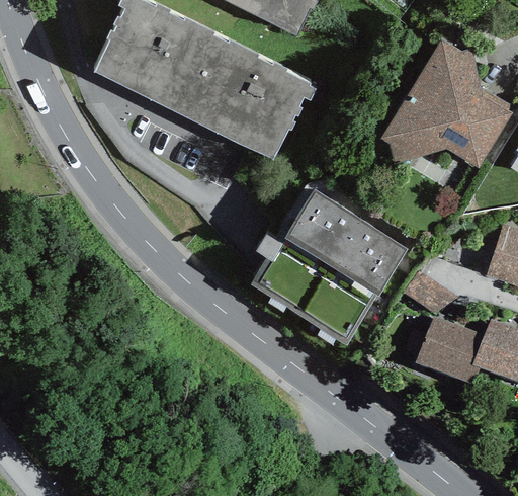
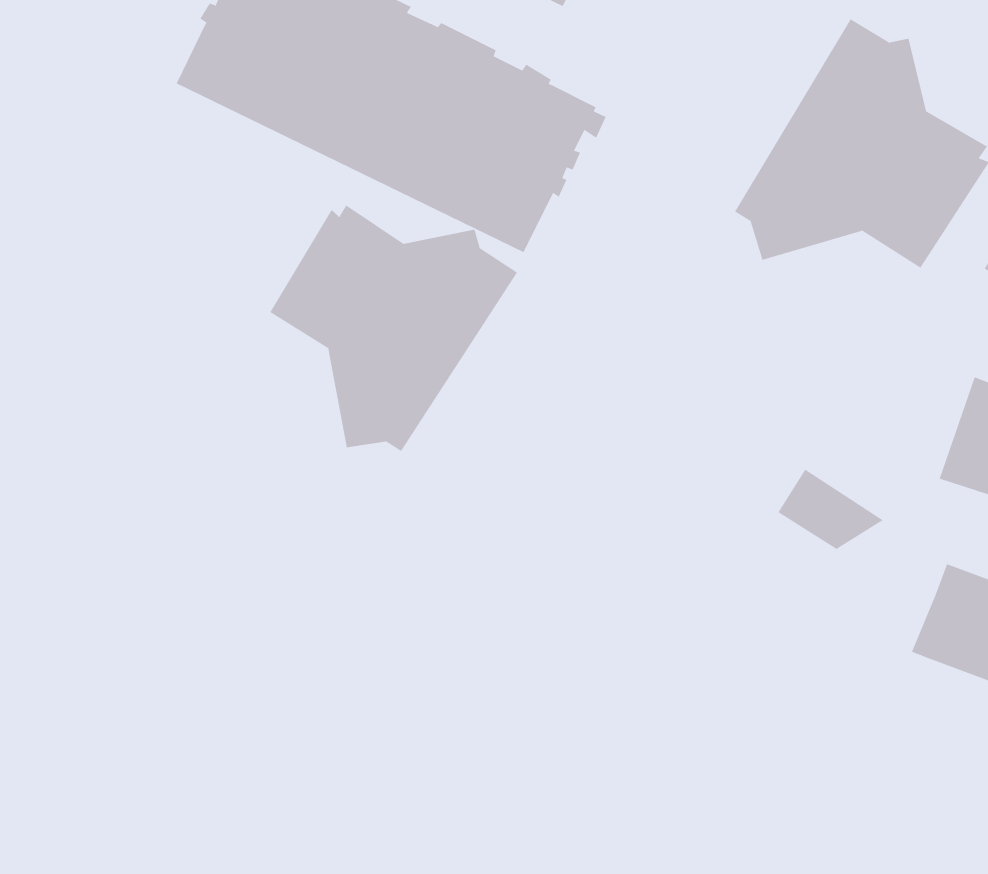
building: none -> [269,205,518,452]
building: [252,189,407,344] -> none
building: [416,315,485,384] -> none

